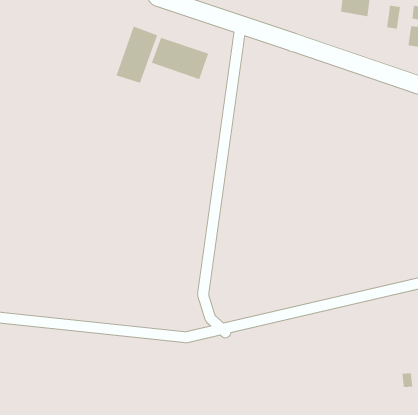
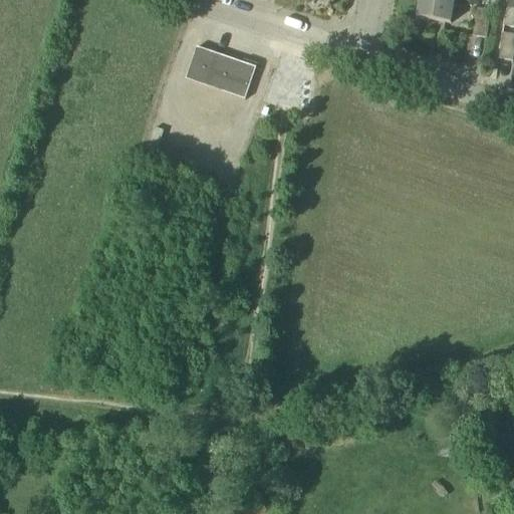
building: [116,26,158,84] -> none

